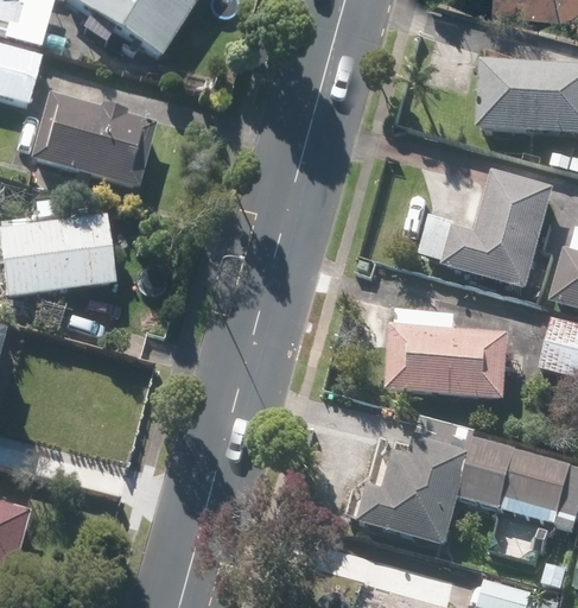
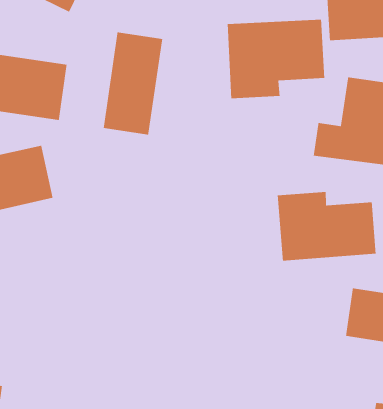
building: none -> [103,31,163,135]
building: none -> [227,19,325,99]
building: [355,413,474,543] -> none

